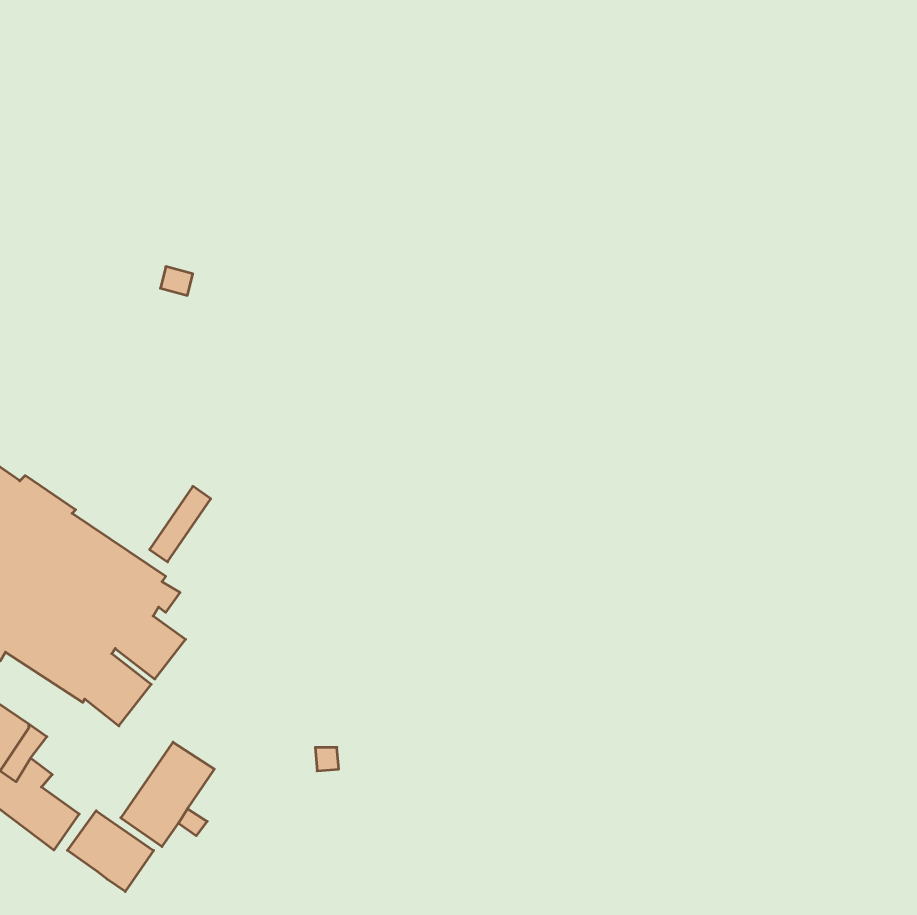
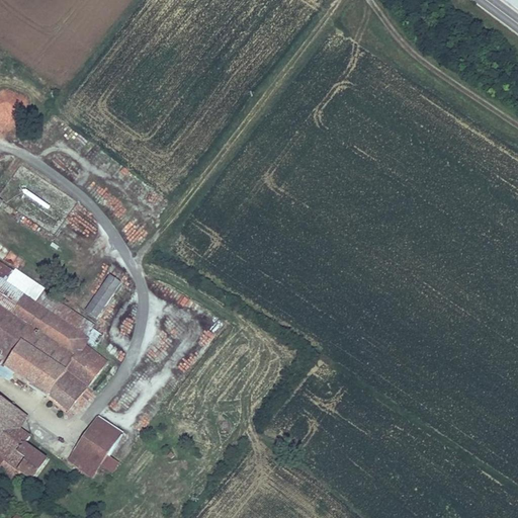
building: [67,811,154,892] -> none

